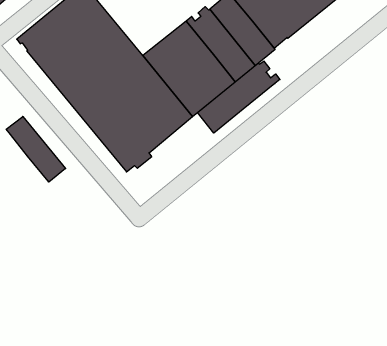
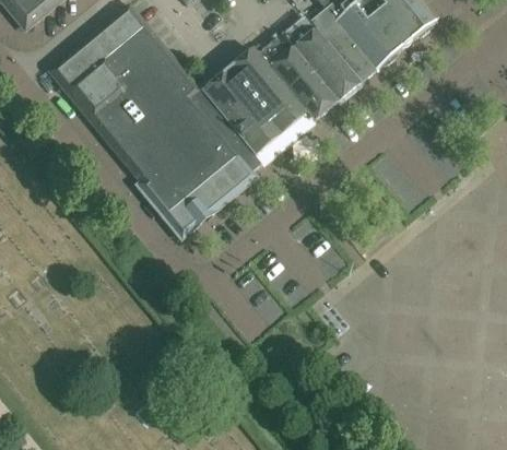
building: [198,61,280,133] -> none
building: [6,116,66,182] -> none

